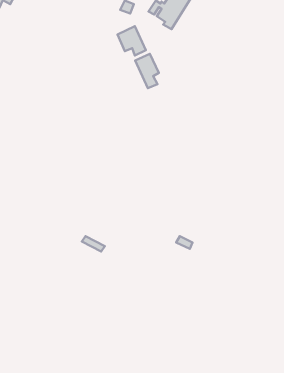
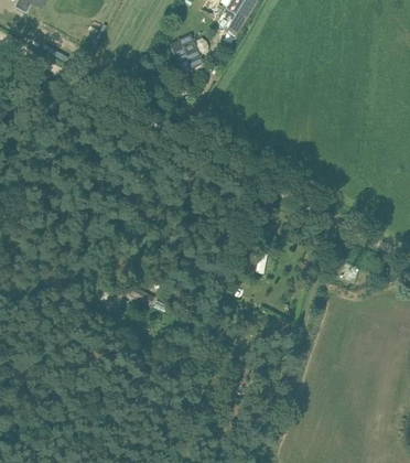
building: [135,54,159,88] -> none

